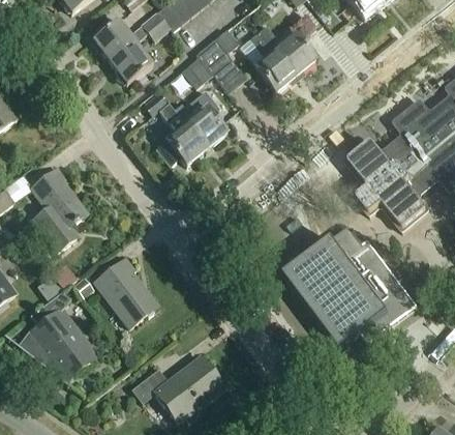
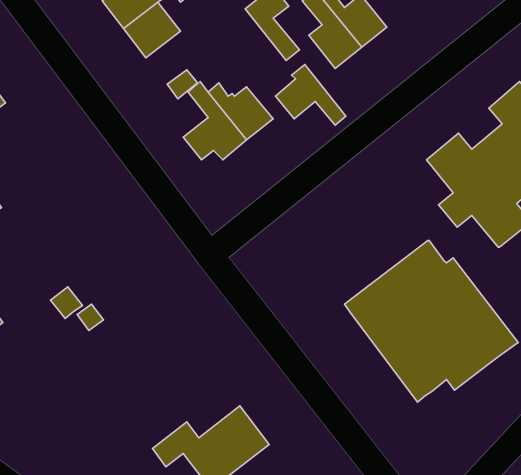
building: [182,45,237,92] -> [276,64,346,125]
building: [32,167,89,250] -> none
building: [94,256,157,325] -> none
building: [21,290,98,383] -> none

